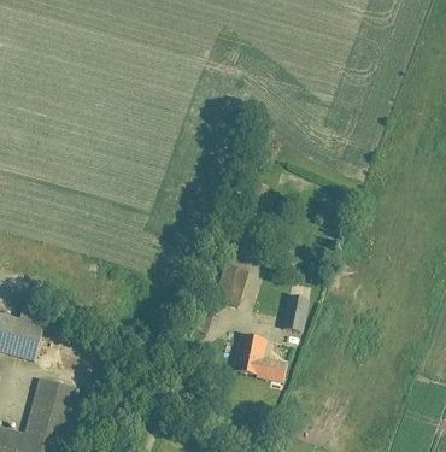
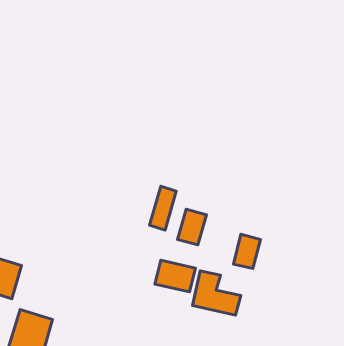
building: none -> [150,186,176,230]
building: none -> [155,260,195,292]

